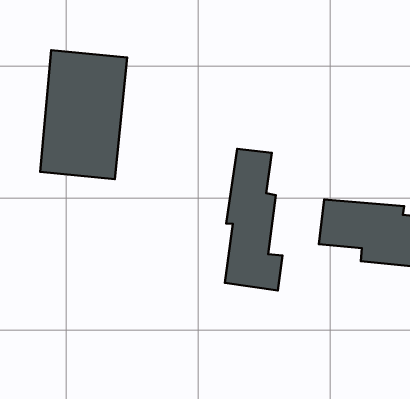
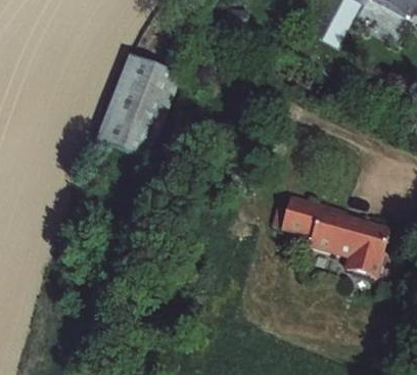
building: [225,149,283,291] -> none

